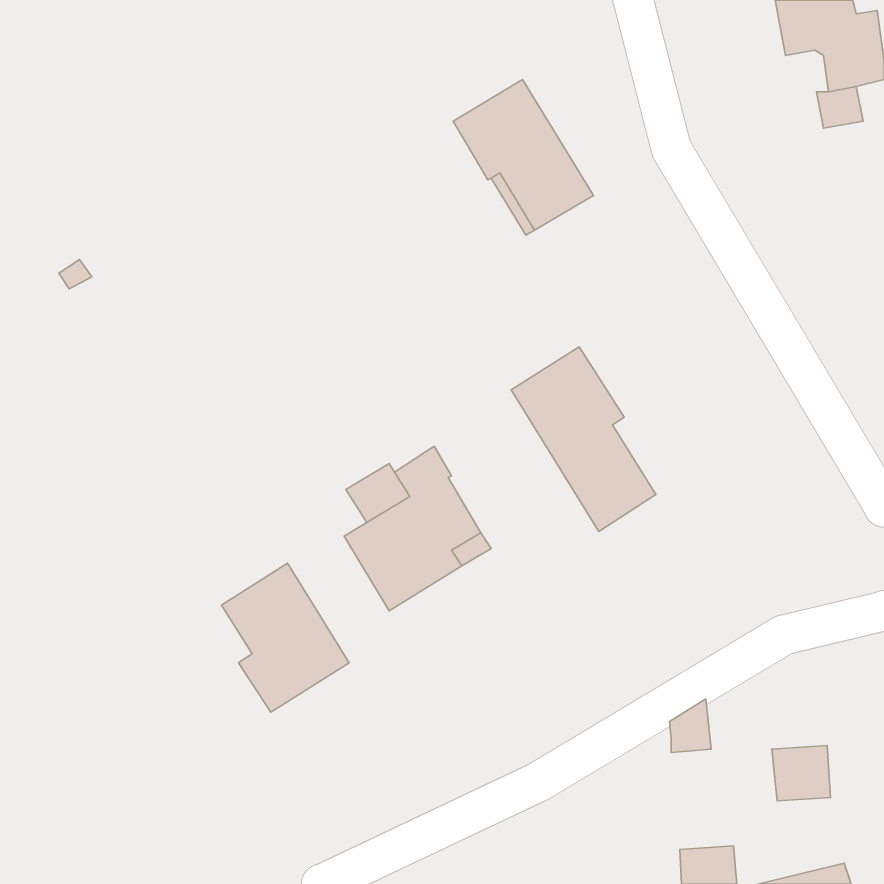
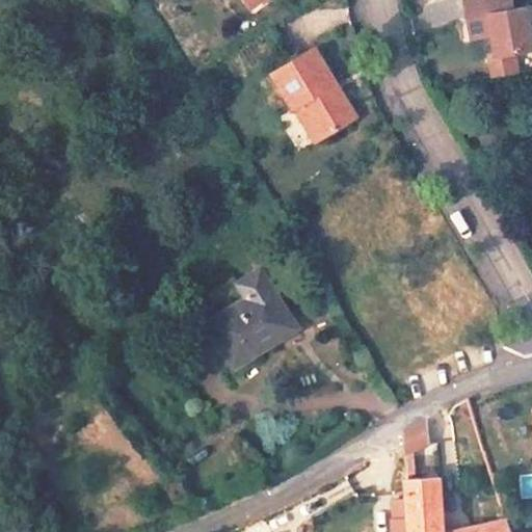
building: [511,347,656,531] -> none
building: [221,563,349,712] -> none
building: [772,746,831,801] -> [405,477,441,510]

